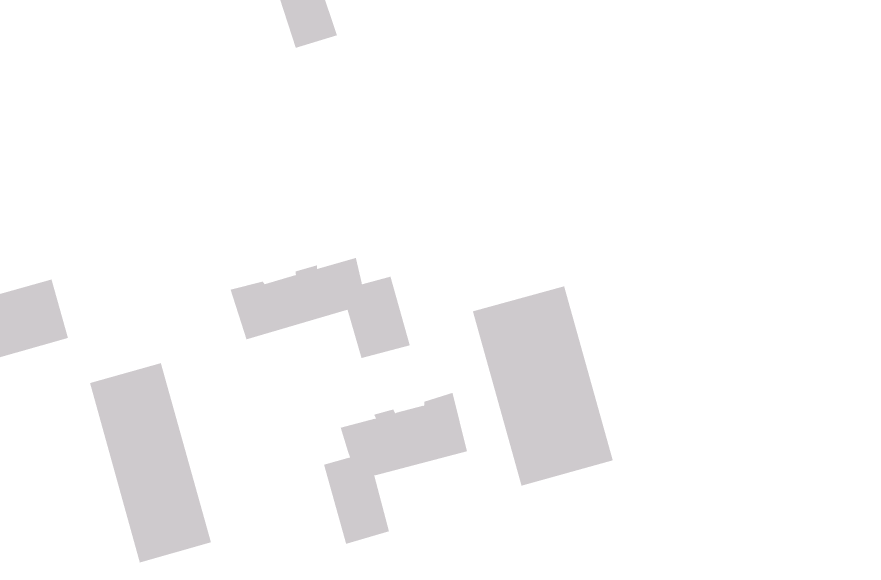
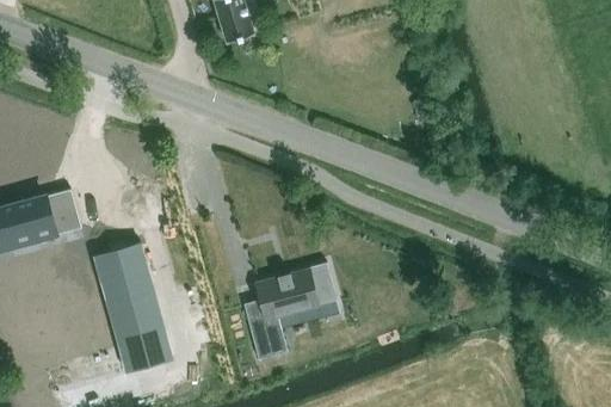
building: [230,257,410,359] -> none
building: [472,285,614,487] -> none

